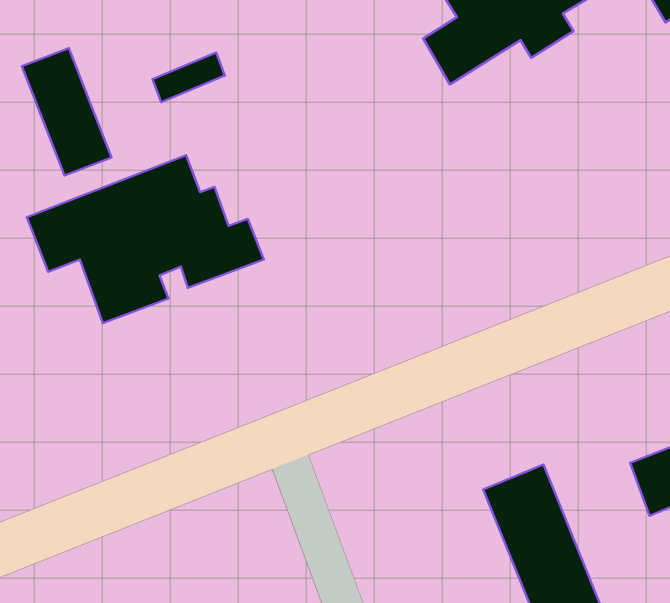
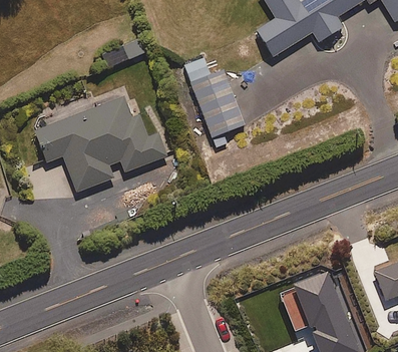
building: [22,48,112,176] -> none
building: none -> [182,57,245,148]

